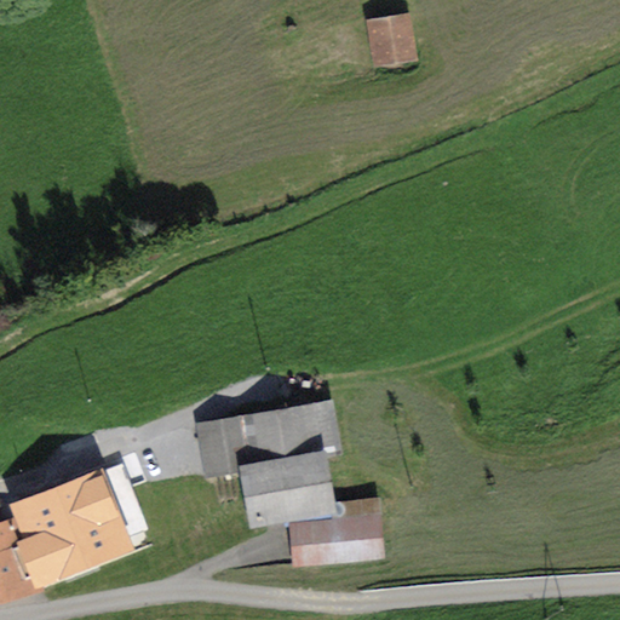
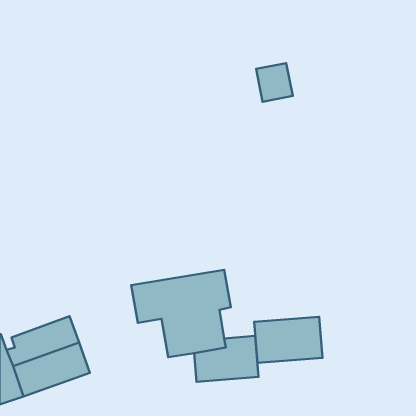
building: [364,11,419,68] -> [256,63,293,102]
building: none -> [254,317,323,363]

